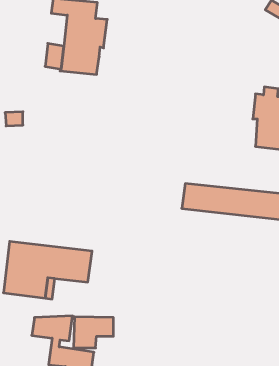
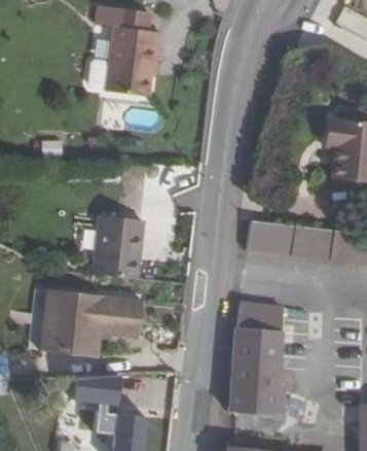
building: none -> [88,213,142,278]
building: none -> [227,302,285,414]

